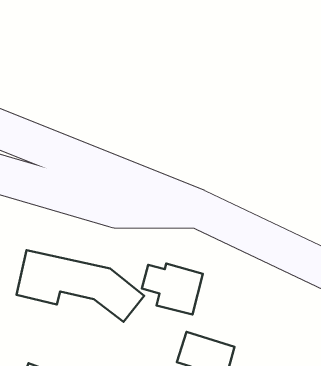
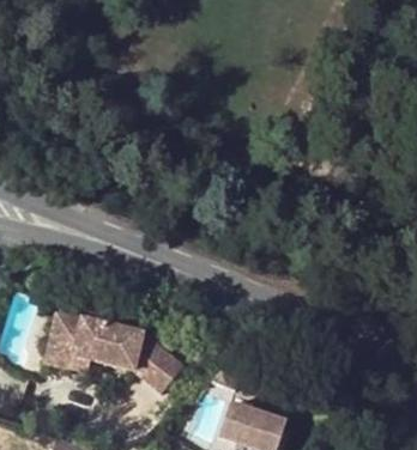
building: [142,264,203,315] -> none

